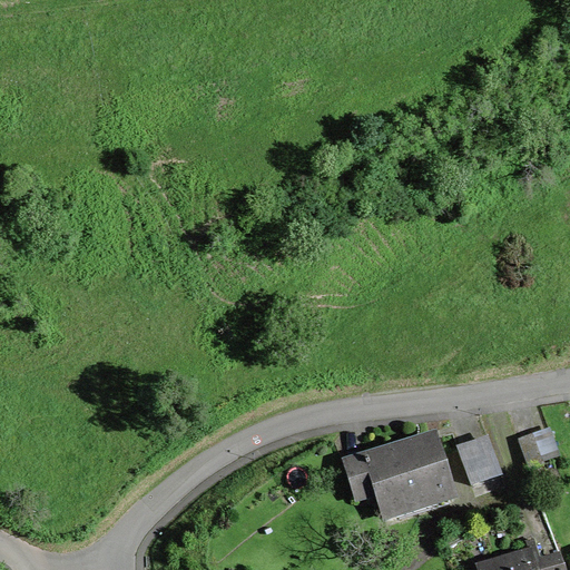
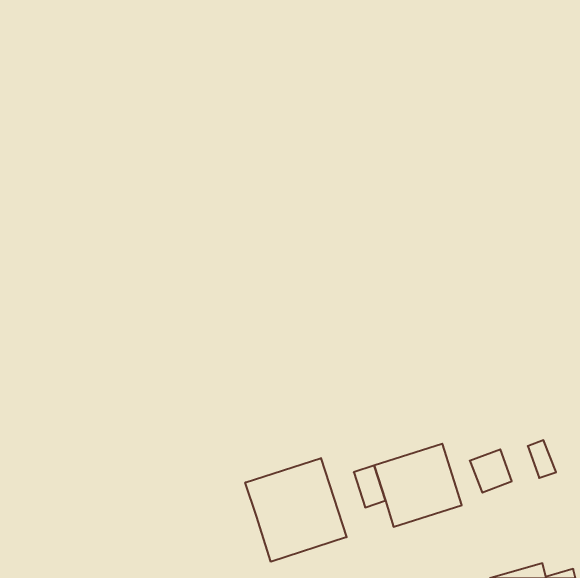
building: none -> [245,458,347,562]

